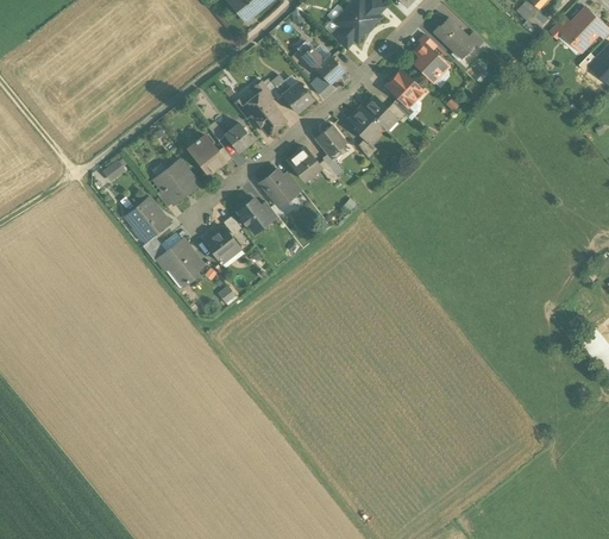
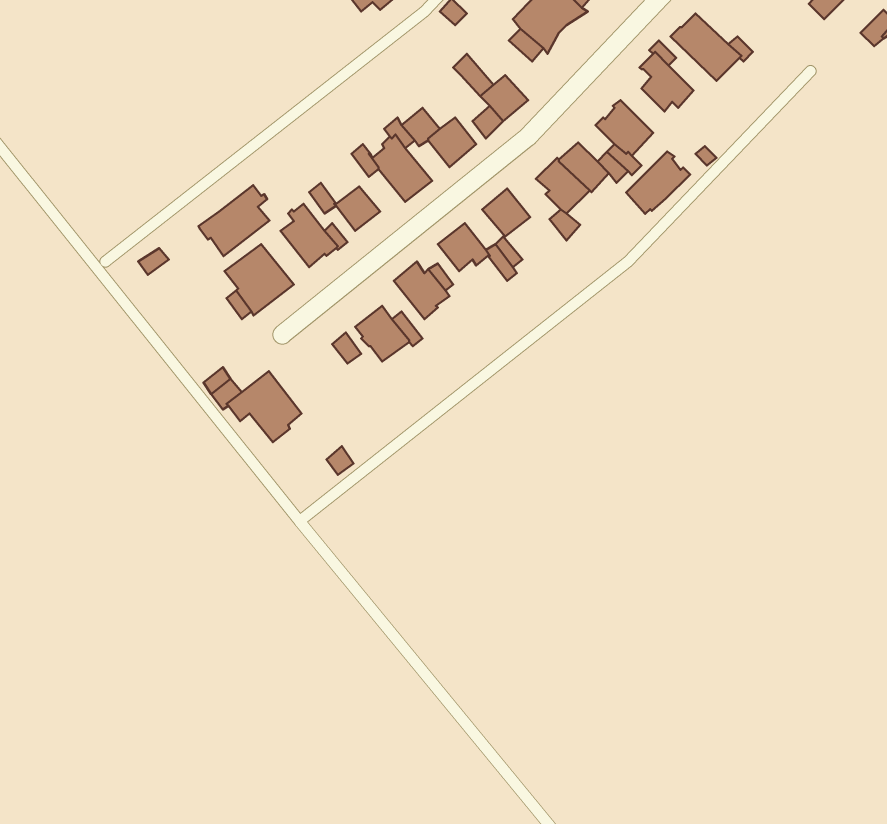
building: none -> [626,152,690,214]
building: none -> [198,185,270,256]
building: [125,196,167,240] -> none
building: [205,226,239,262] -> none

